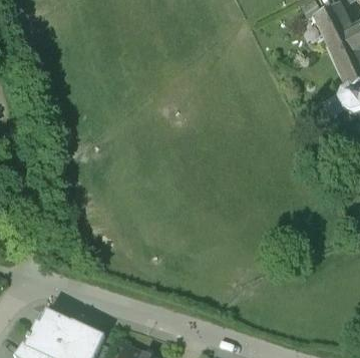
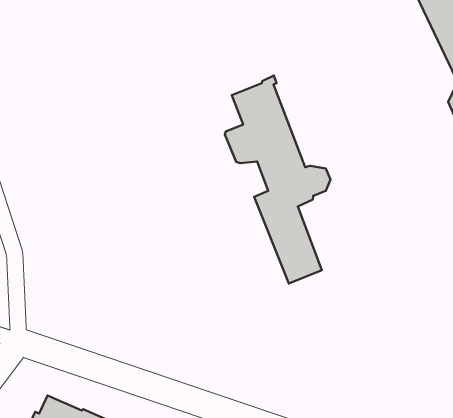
building: none -> [225,75,331,284]

